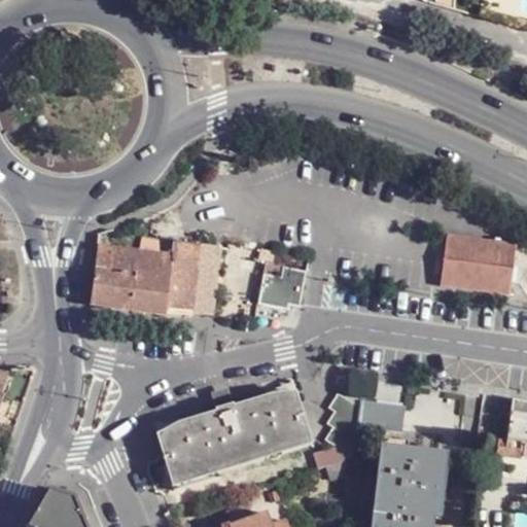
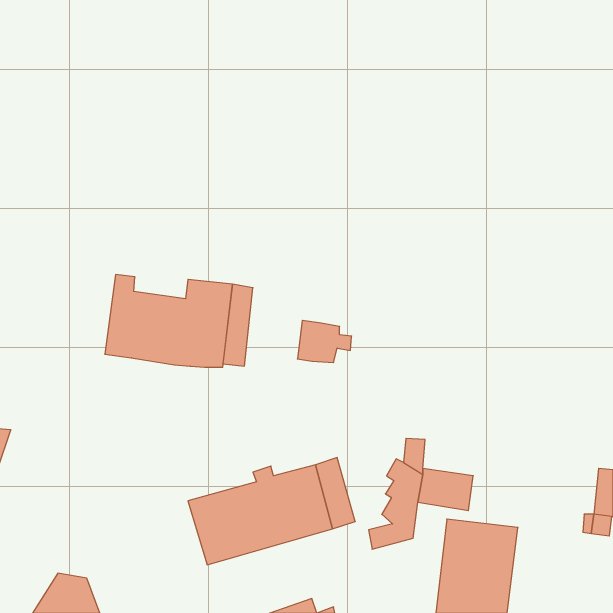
building: [438,235,511,291] -> none

